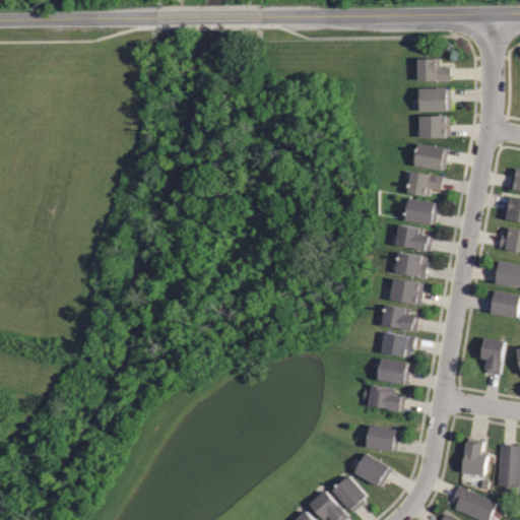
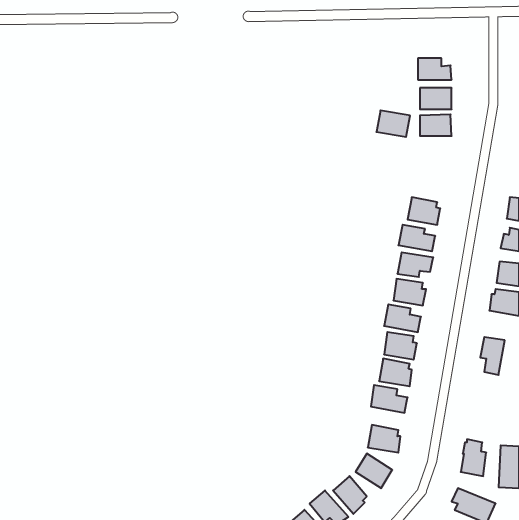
building: [414,144,448,171] -> [376,110,410,137]
building: [407,172,442,196] -> none

